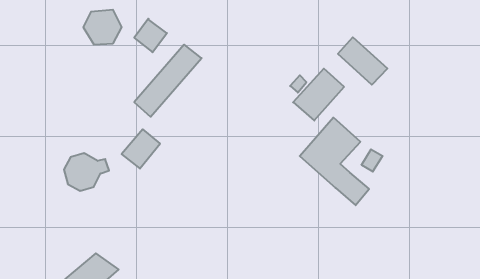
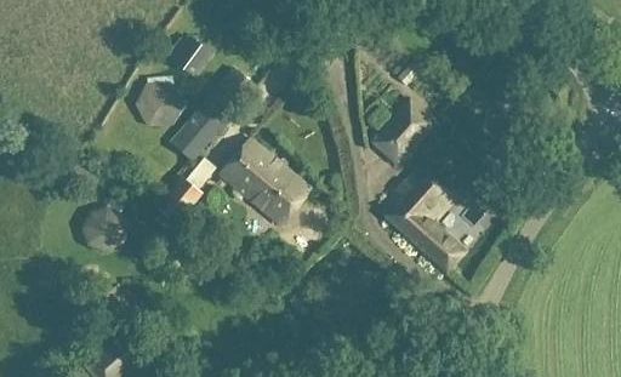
building: [83,10,122,44] -> [136,84,184,127]
building: [338,37,387,85] -> none
building: none -> [220,139,312,227]

